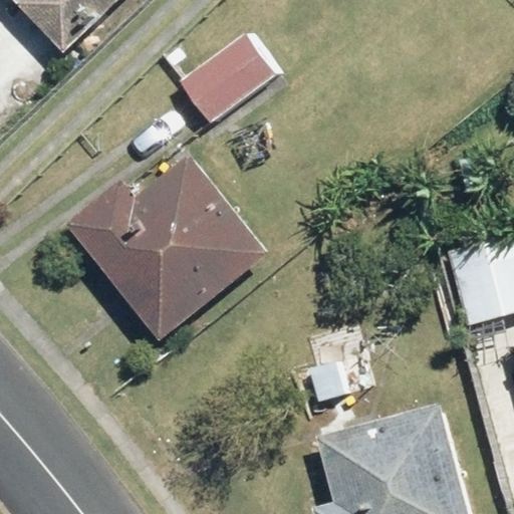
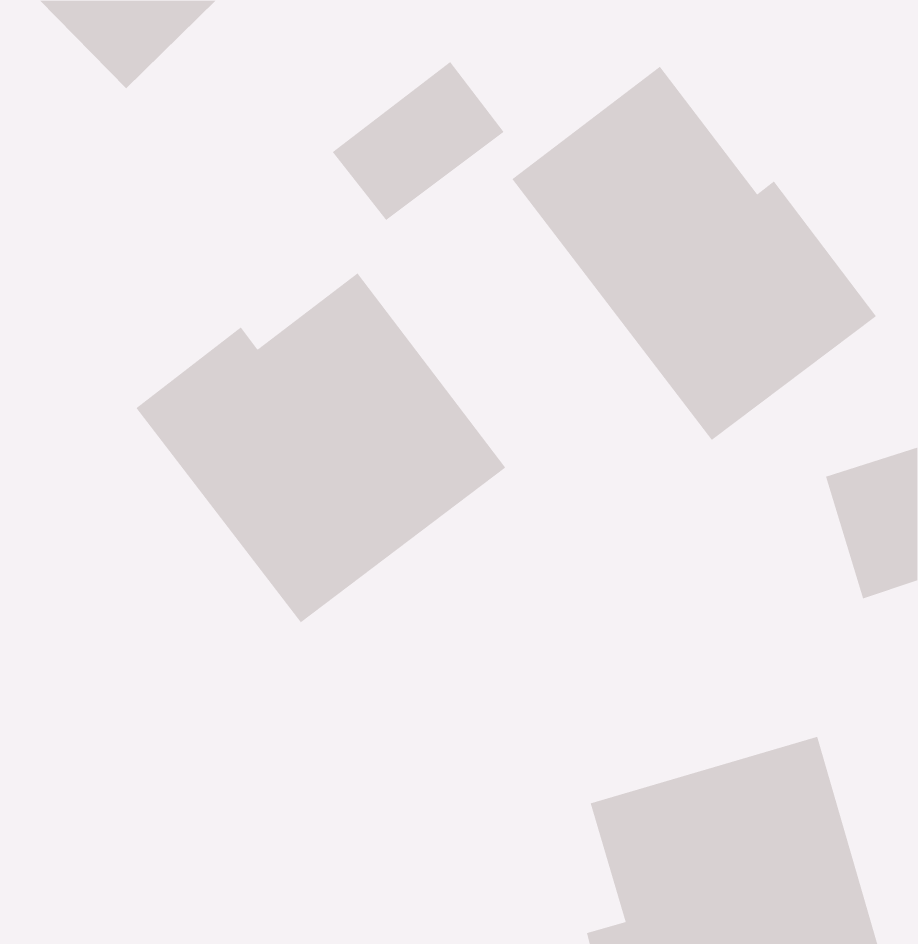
building: none -> [511,66,877,441]

